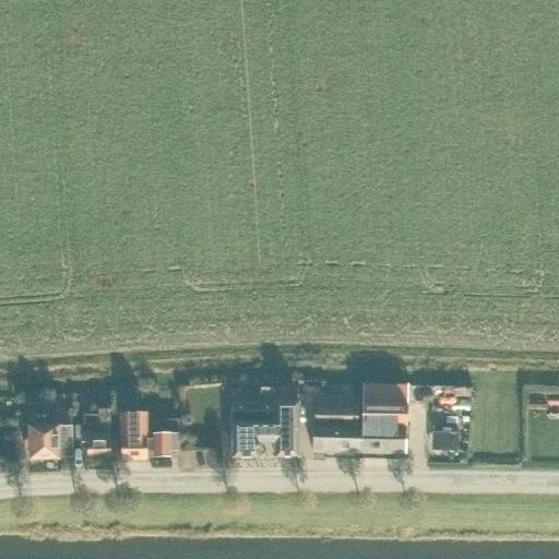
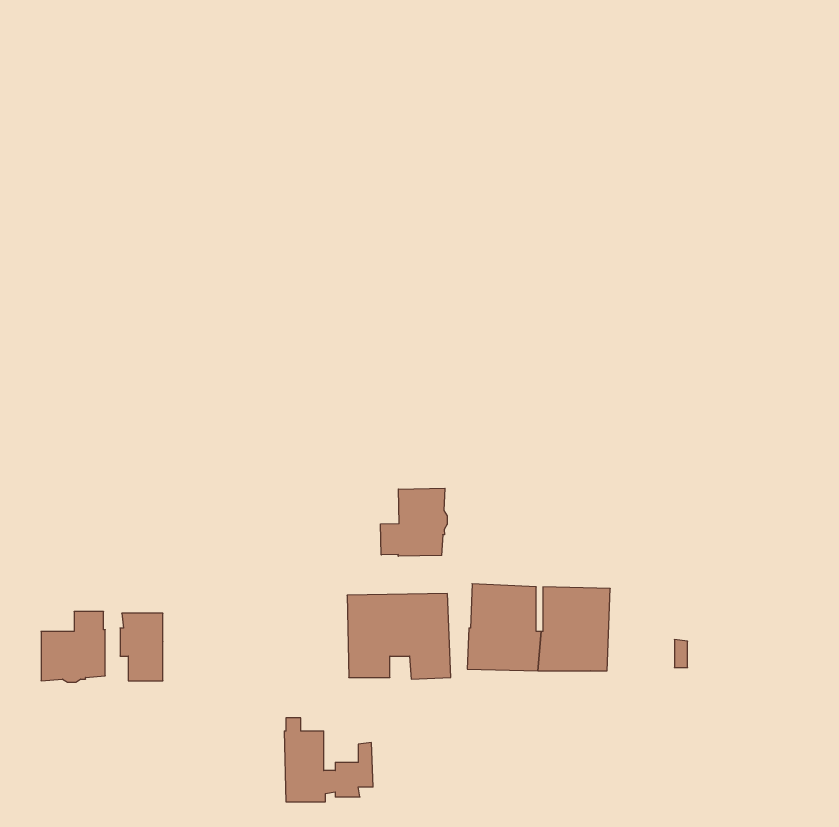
building: none -> [381,488,447,556]
building: [118,396,177,452] -> [284,718,373,802]

